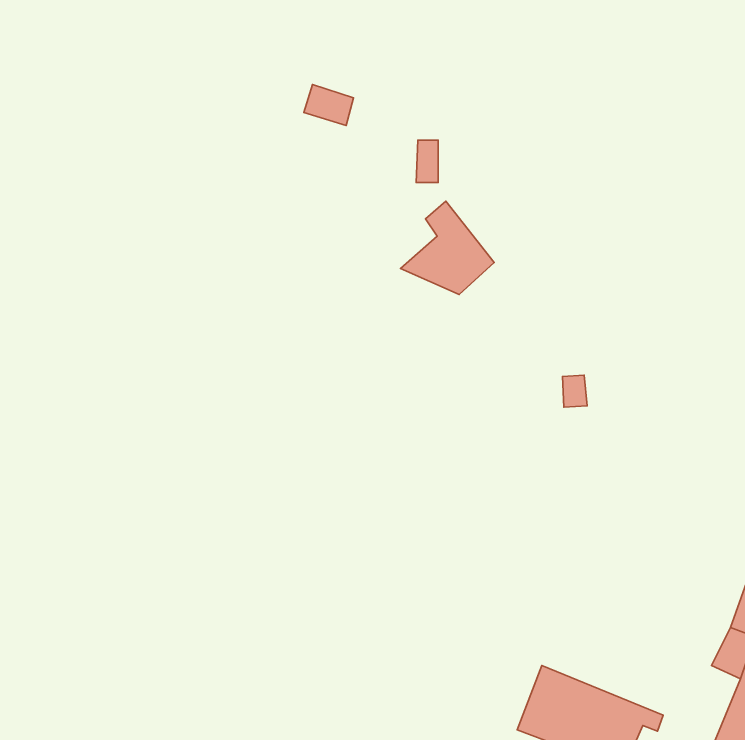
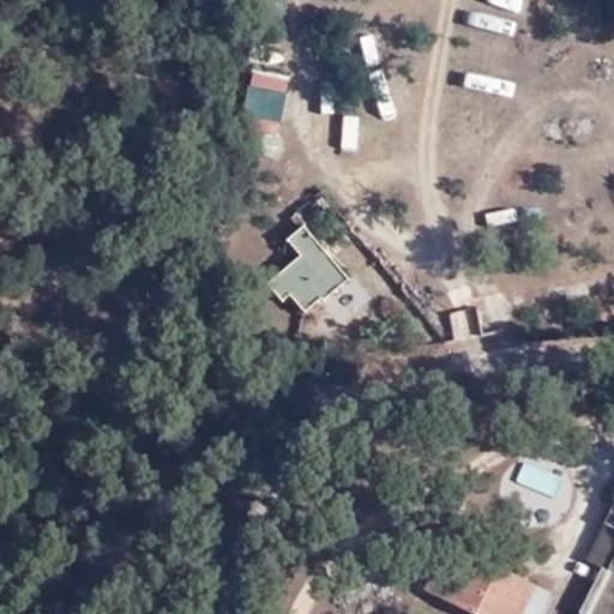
building: [401,201,494,295] -> [266,230,343,307]

